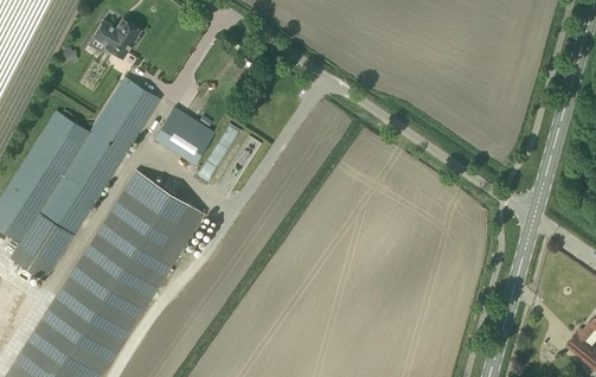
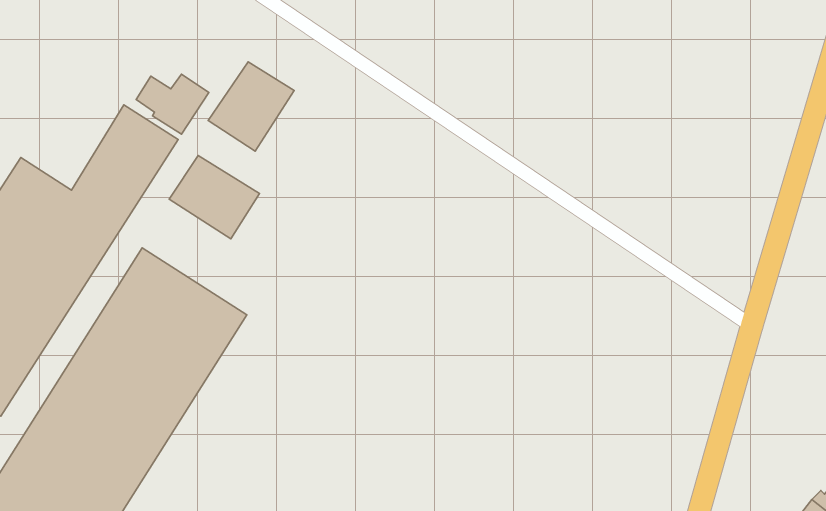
building: [94,19,141,58] -> [136,74,209,134]
building: none -> [208,62,294,151]

